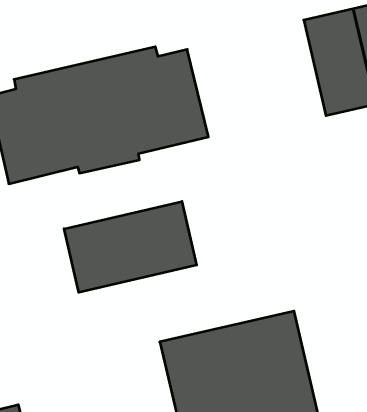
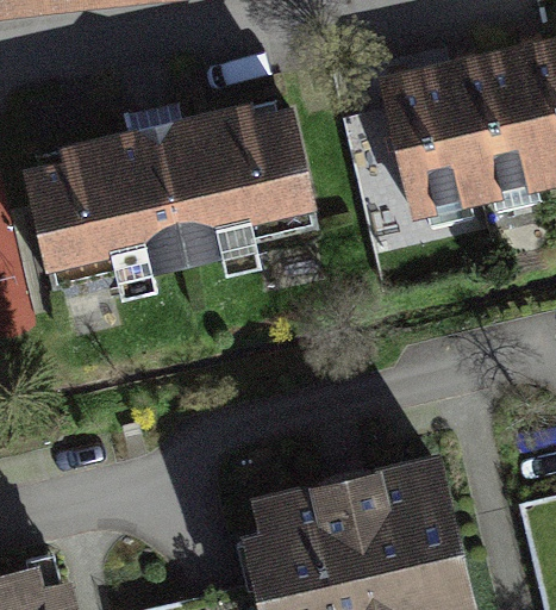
building: none -> [381,68,477,212]
building: [64,201,197,292] -> none

